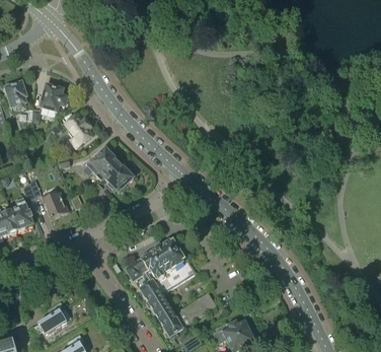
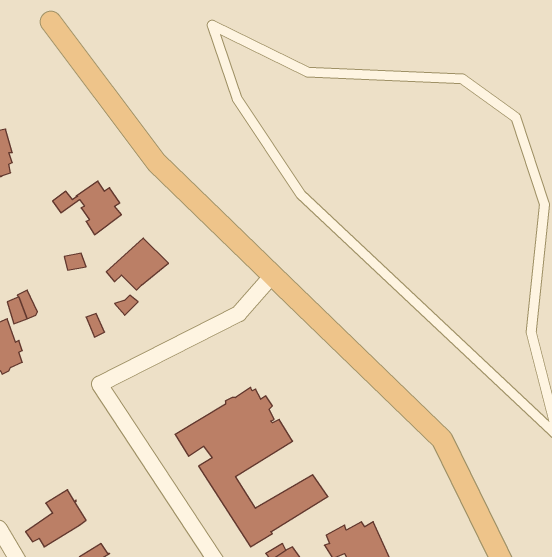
building: [41,83,67,110] -> none
building: [104,162,134,191] -> none
building: [43,191,68,217] -> none

